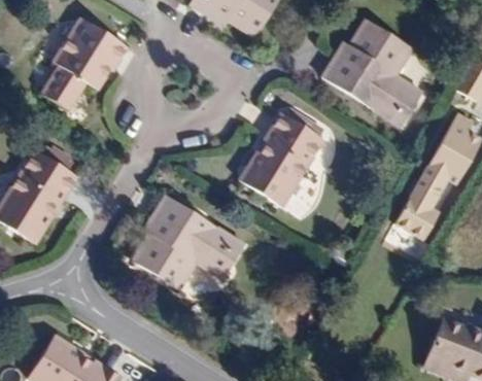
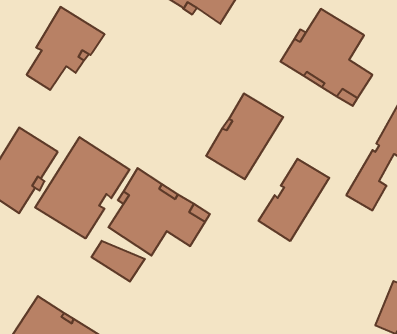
building: none -> [35,137,130,238]
building: none -> [259,159,329,241]
building: none -> [92,241,145,282]

